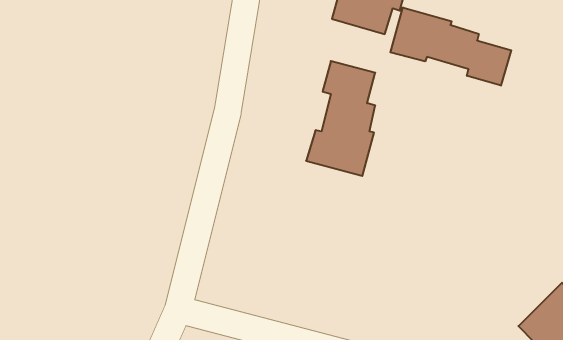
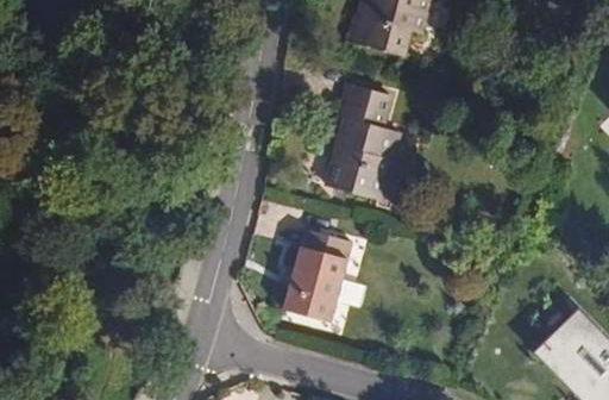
building: [390,7,511,86] -> none
building: none -> [281,227,351,321]

